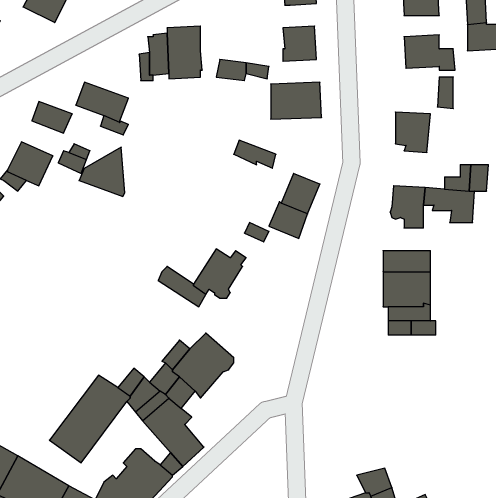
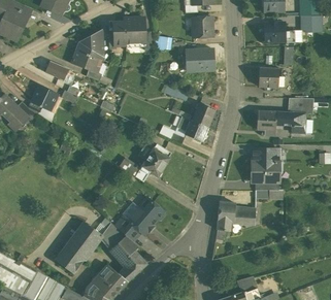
building: [79,147,125,196] -> [76,30,103,59]
building: none -> [217,201,256,231]

